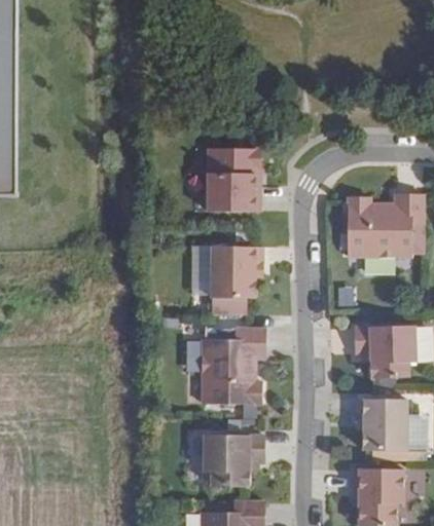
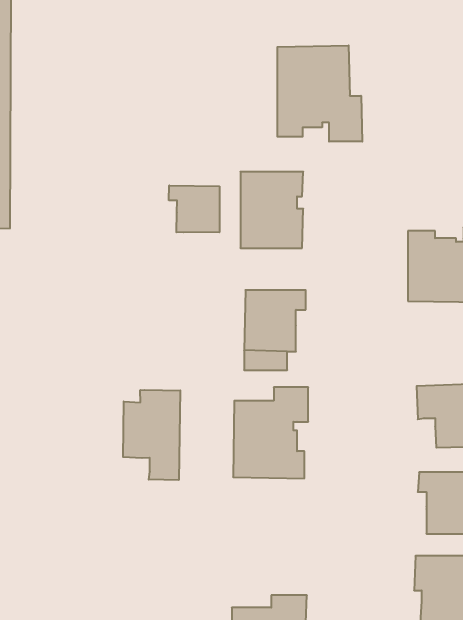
building: none -> [277,45,362,142]
building: none -> [169,185,219,232]
building: none -> [123,390,180,480]
building: [203,435,262,486] -> none

